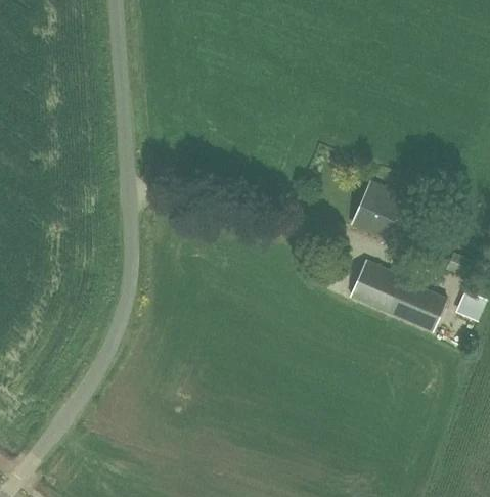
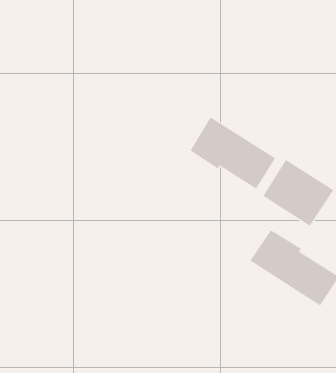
building: none -> [190,117,276,190]

